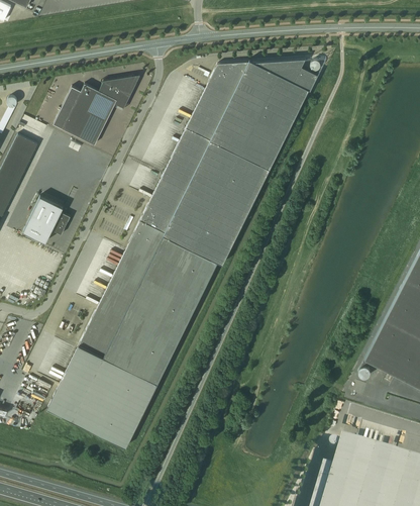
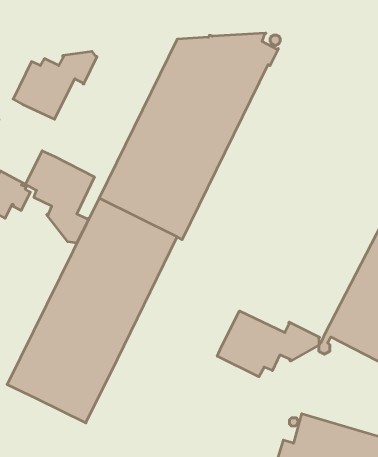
building: none -> [25,151,94,244]
building: none -> [217,311,320,377]

